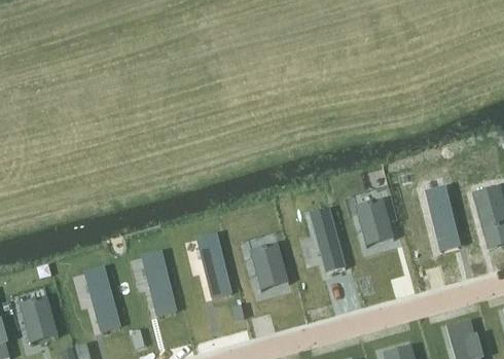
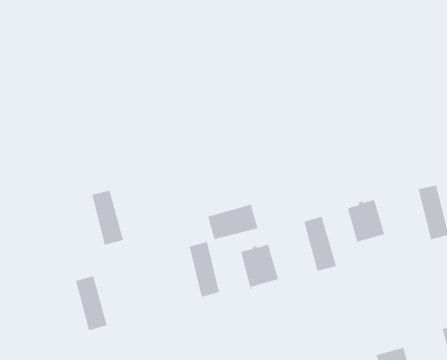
building: none -> [207,204,258,240]
building: [143,259,175,314] -> [92,190,124,246]
building: [19,294,58,342] -> none

